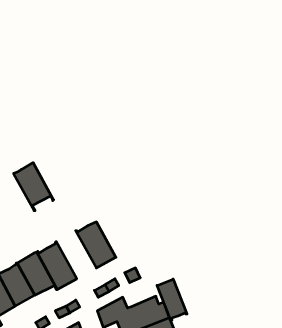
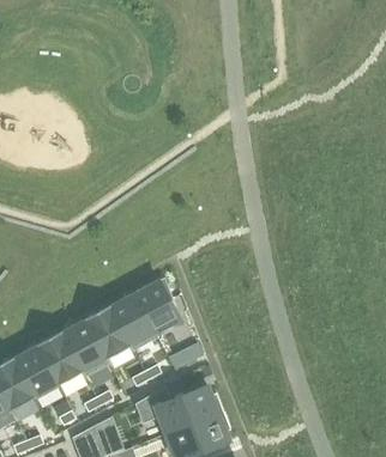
building: [14,163,54,211] -> [84,305,133,364]
building: none -> [133,276,179,337]
building: [157,279,187,320] -> none

